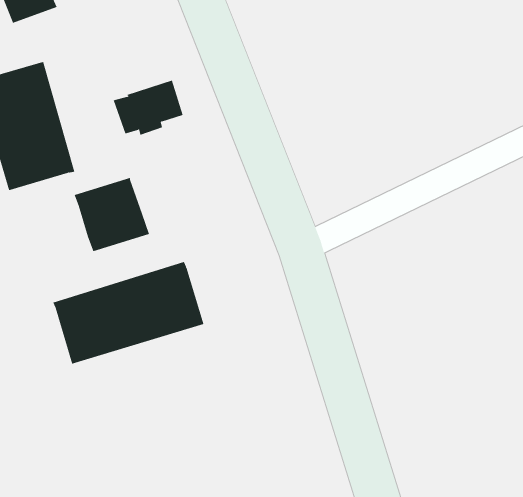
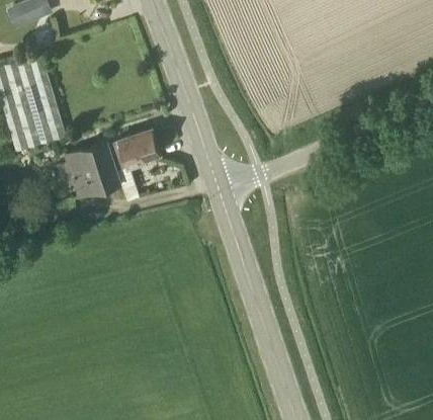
building: [113,80,183,136] -> [105,129,158,170]
building: [53,261,204,364] -> none

